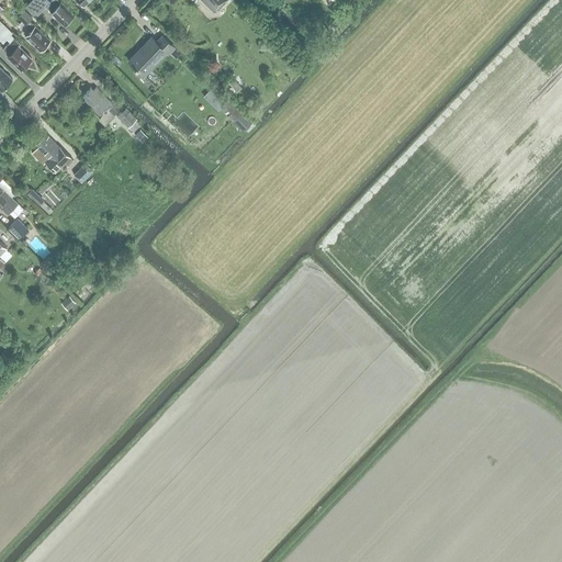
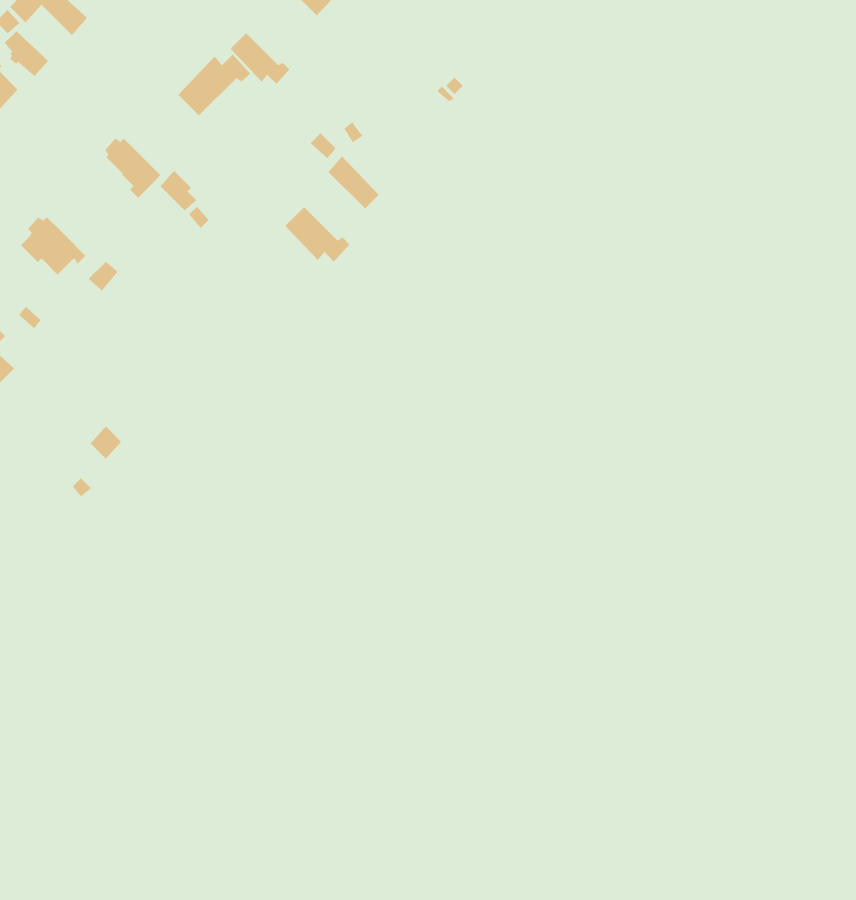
building: none -> [230,32,290,85]
building: none -> [284,206,350,262]

